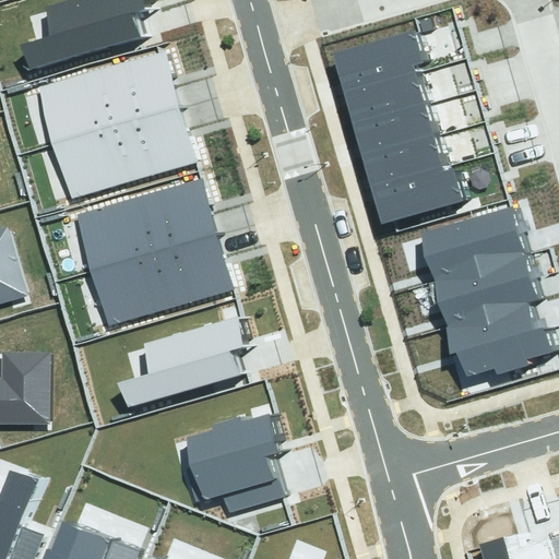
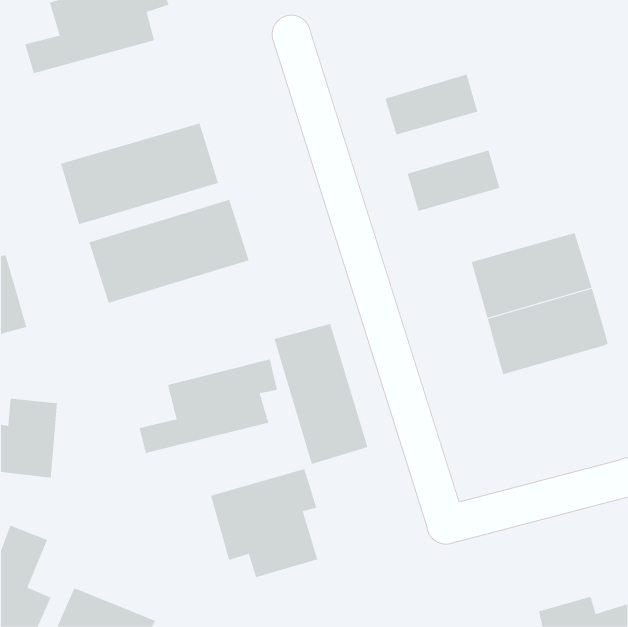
building: [331,29,424,87] -> none
building: [38,56,178,145] -> none
building: [352,99,435,154] -> none
building: [371,164,464,222] -> none
building: [96,231,239,325] -> none
building: none -> [274,323,368,465]
building: [447,308,554,378] -> none

